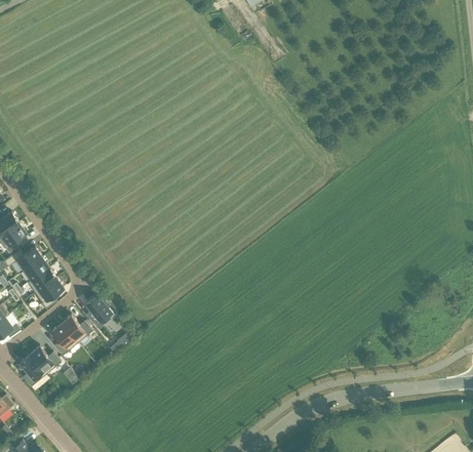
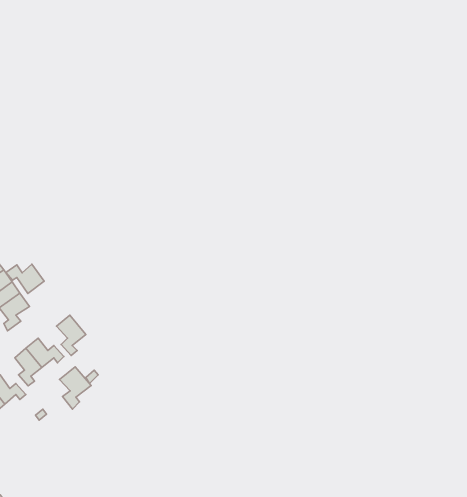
building: none -> [6,264,44,294]
building: none -> [59,367,91,409]

